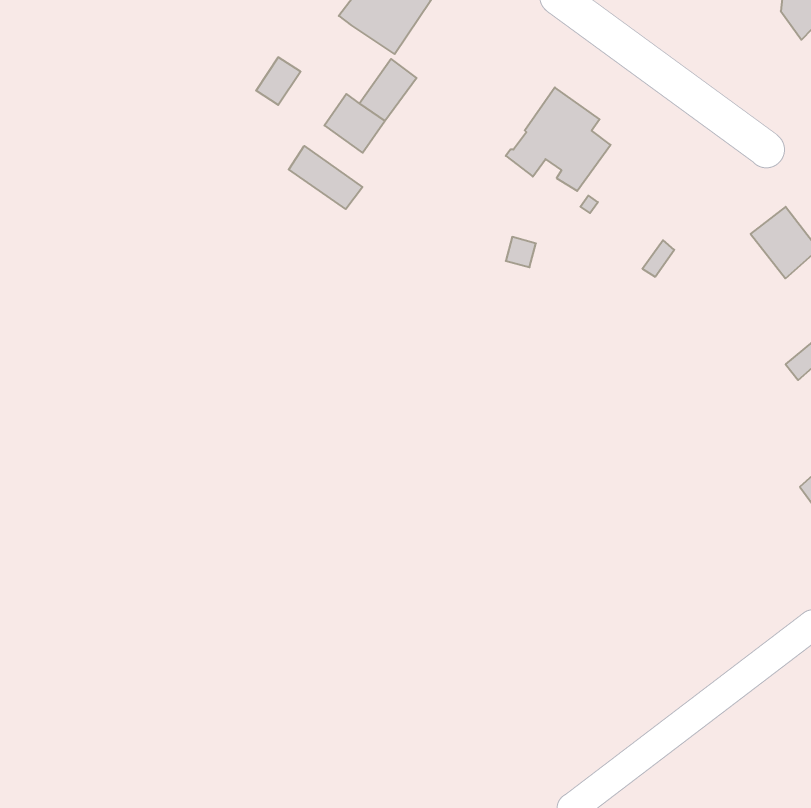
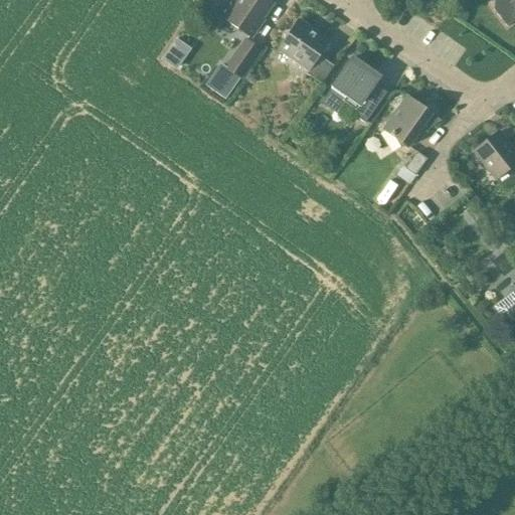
building: none -> [279,18,335,81]
building: [289,146,362,209] -> none
building: none -> [385,99,436,145]

